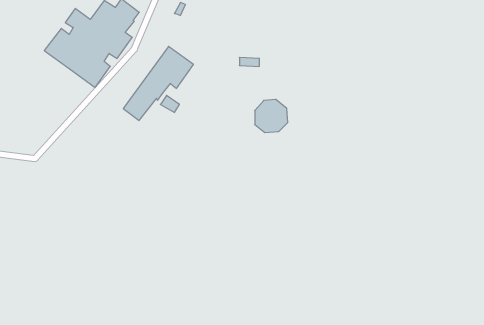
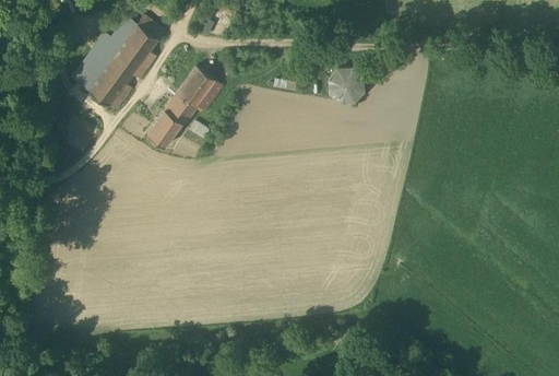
building: [255,99,288,132] -> [328,67,364,103]

